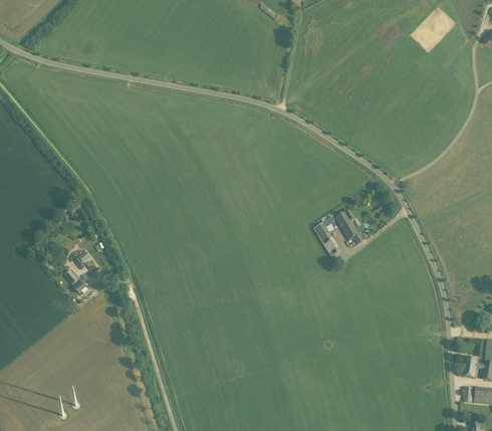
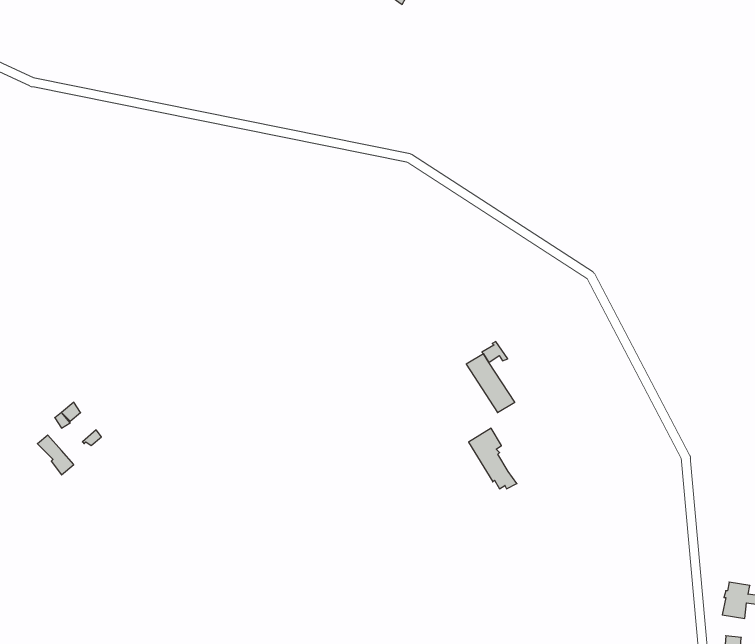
building: [334,208,362,243] -> [469,428,517,489]

